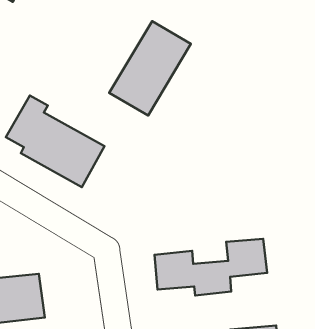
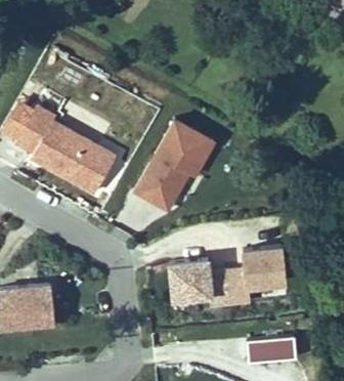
building: [109,21,191,116] -> [132,118,216,215]

